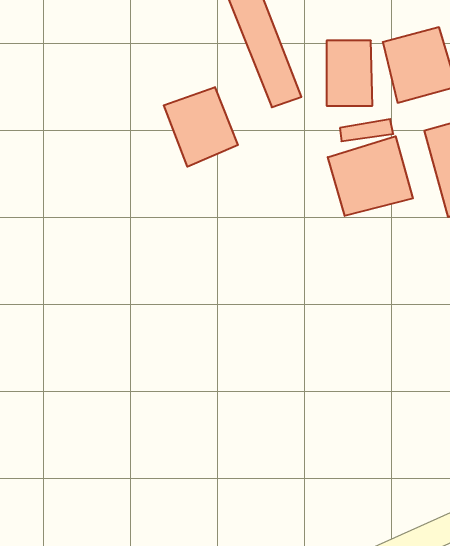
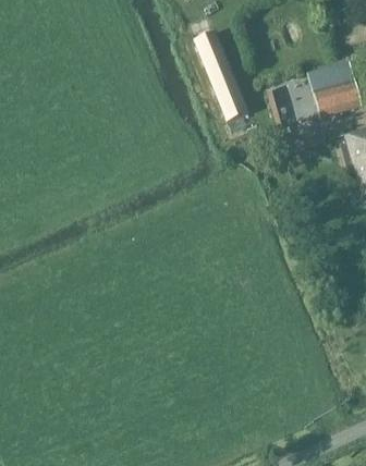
building: [164,87,238,167] -> none
building: [328,136,413,216] -> none

